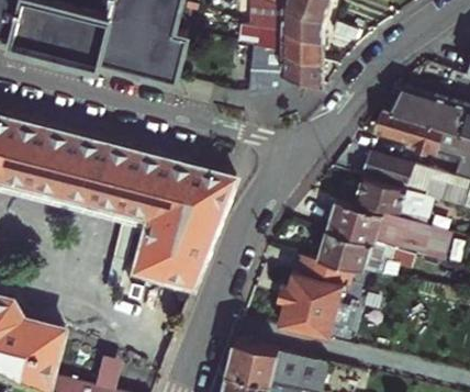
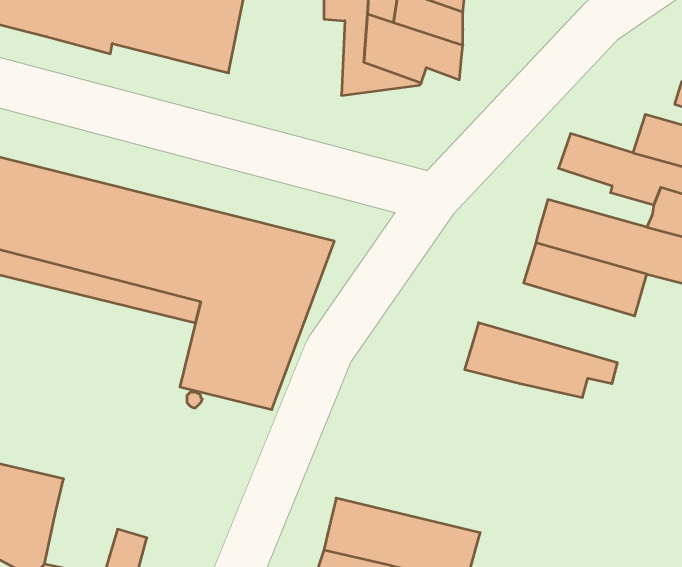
building: [388,89,435,123] -> none
building: [329,201,454,264] -> none
building: [279,257,356,338] -> none

